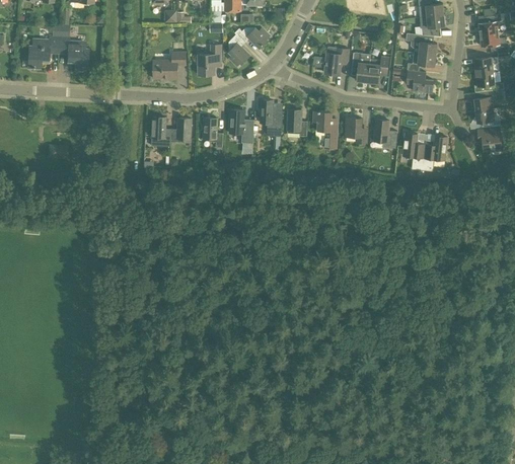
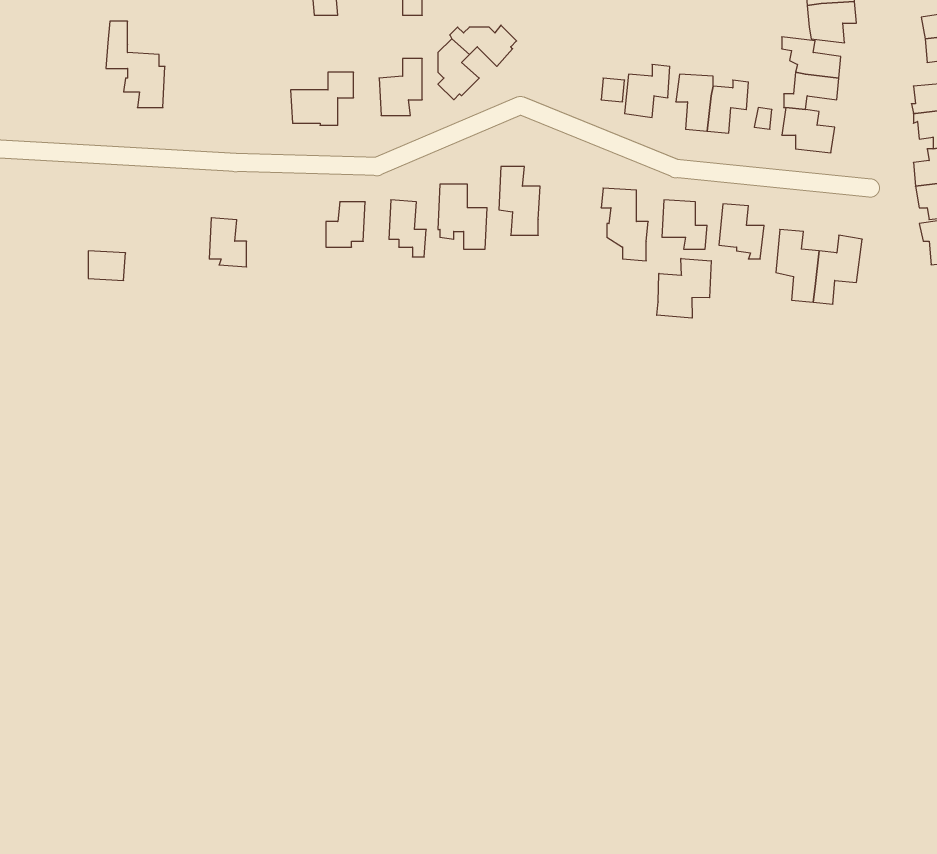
building: [27,36,59,68] -> none
building: [288,109,307,136] -> none
building: [152,117,171,142] -> [209,218,247,267]
building: none -> [657,258,711,318]

